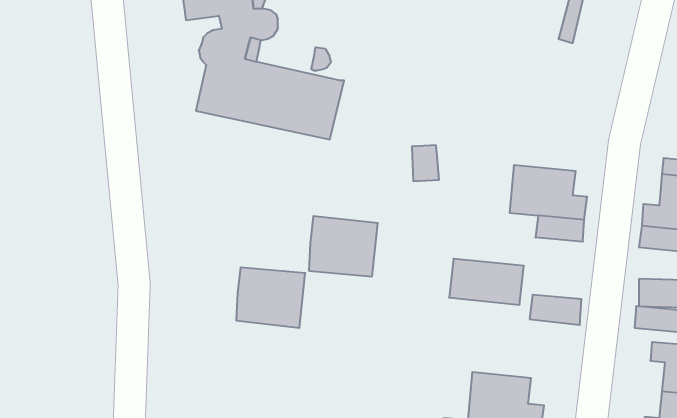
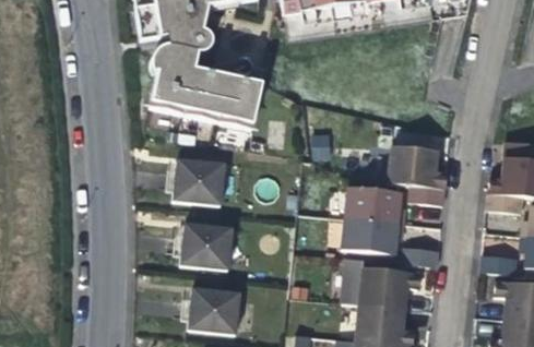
building: [309,216,378,276] -> [171,158,224,204]
building: none -> [345,188,402,224]
building: none -> [341,256,418,309]
building: none -> [190,286,242,332]

